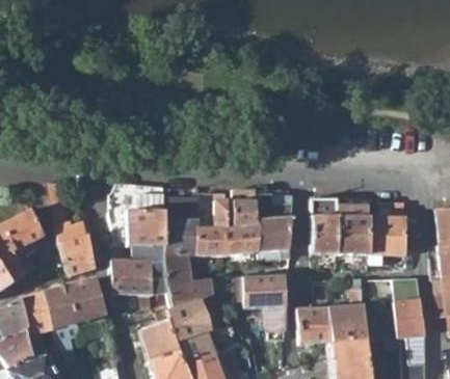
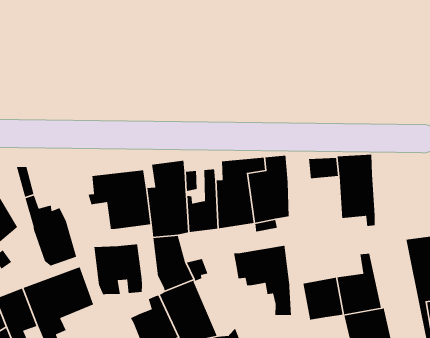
building: [367,202,407,266] -> none
building: [312,218,338,256] -> none
building: [132,246,165,294] -> none

